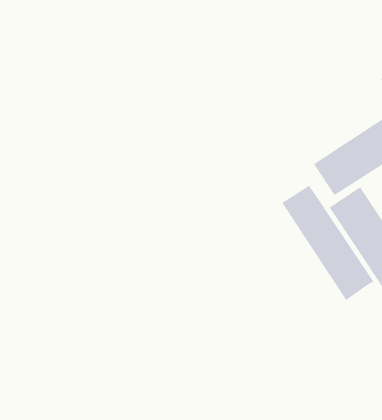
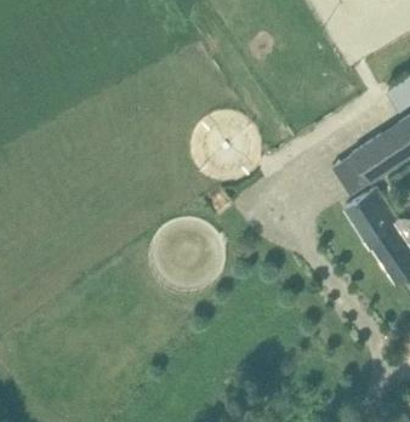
building: [282,185,374,301] -> none

